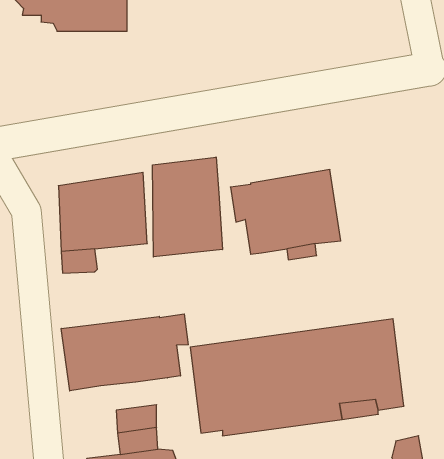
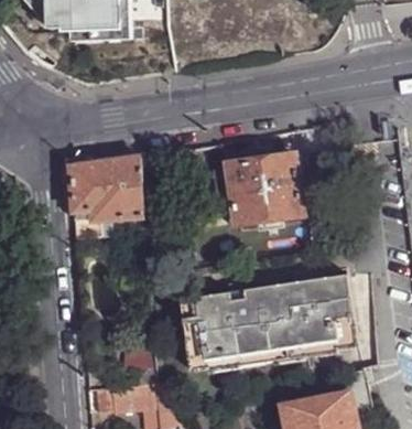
building: [153,157,222,257] -> none
building: [61,314,188,391] -> none

